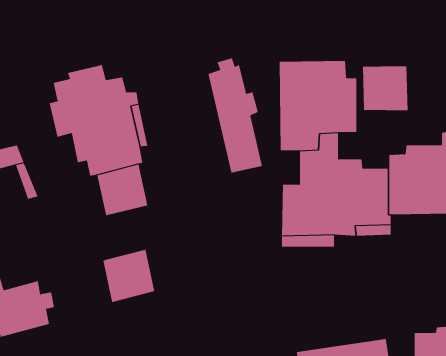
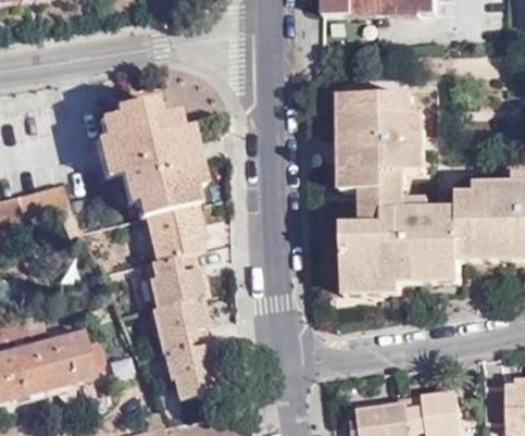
building: [208,58,262,173] -> none
building: [362,66,408,111] -> none
building: none -> [146,251,202,307]
building: none -> [165,341,217,397]

